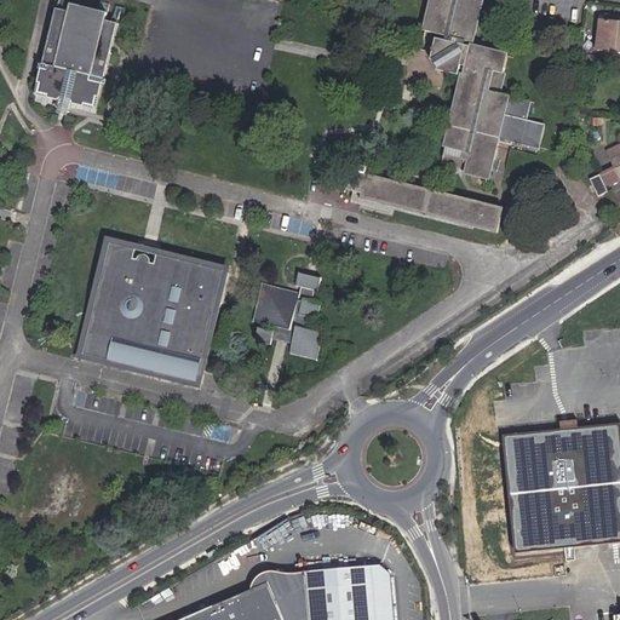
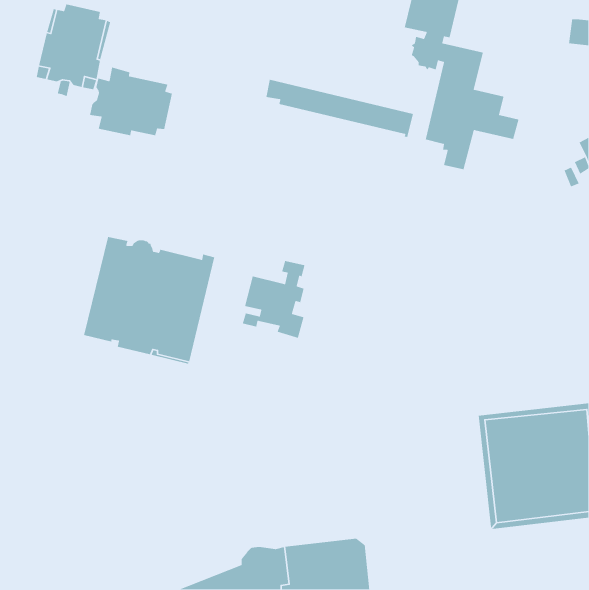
building: none -> [89,67,173,136]
building: [348,171,503,232] -> [266,79,414,138]
building: [82,240,212,363] -> none

